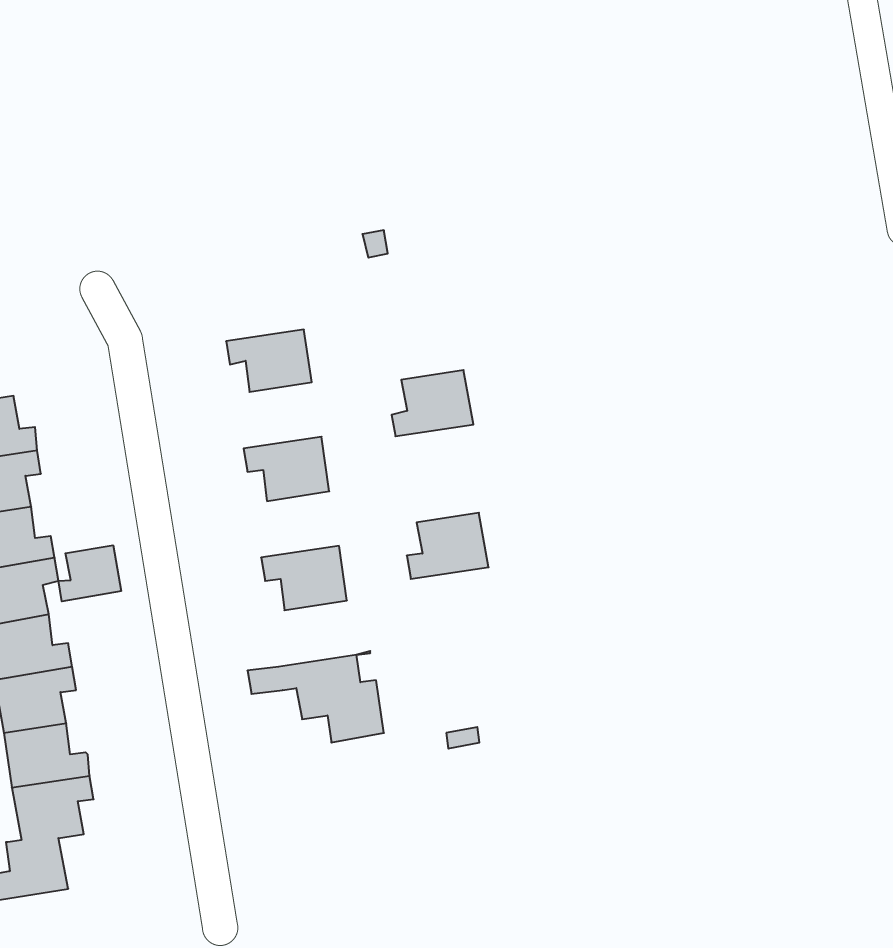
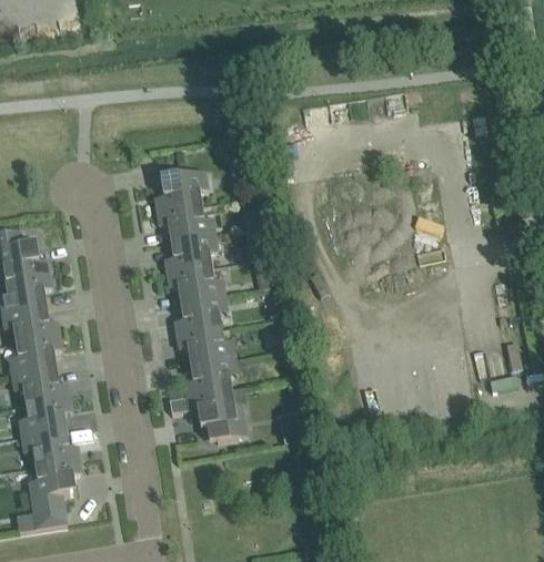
building: none -> [154,171,201,210]
building: [392,370,473,436] -> [164,233,211,270]
building: [407,513,489,579] -> [174,295,221,333]
building: [58,545,121,601] -> none
building: none -> [184,357,231,395]

